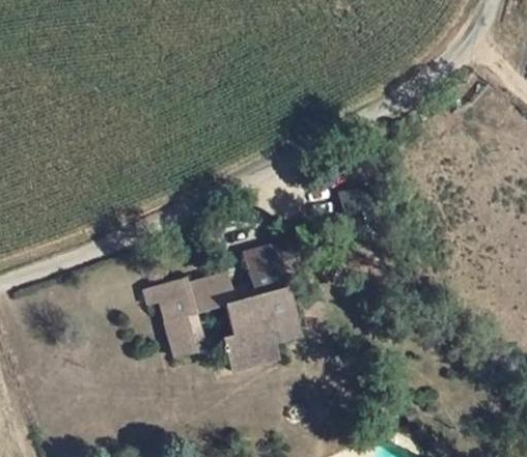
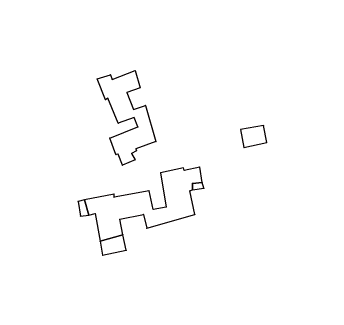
building: none -> [97,71,156,165]
building: [226,305,294,368] -> none

